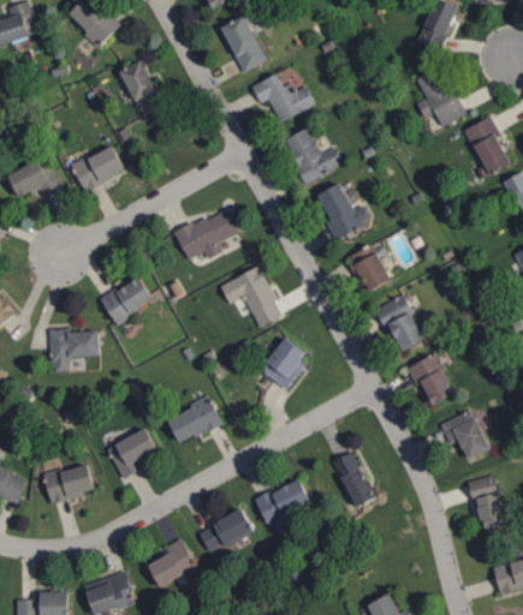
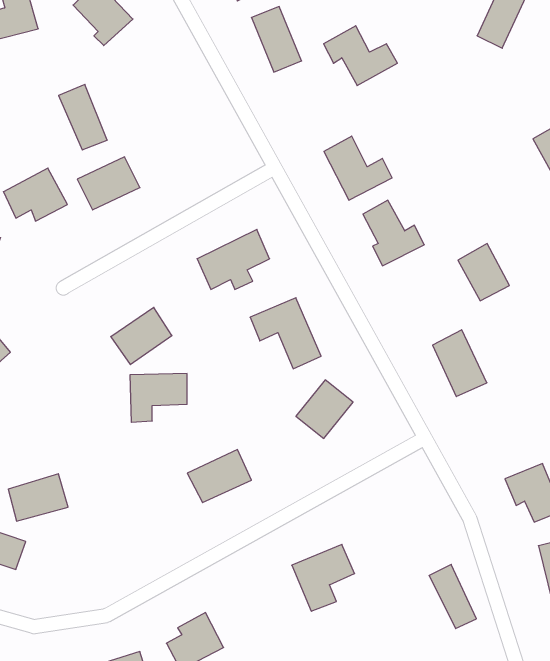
building: [120,60,162,117] -> [59,84,107,150]
building: [416,66,464,126] -> none
building: [251,71,315,123] -> [324,26,397,86]
building: [346,244,391,293] -> [458,244,509,301]
building: [49,329,99,371] -> [130,374,187,422]
building: [409,353,453,406] -> none
building: [107,429,156,478] -> none
building: [332,452,373,507] -> [429,564,476,629]
building: [43,462,95,503] -> [8,474,68,521]
building: [197,509,252,551] -> none

